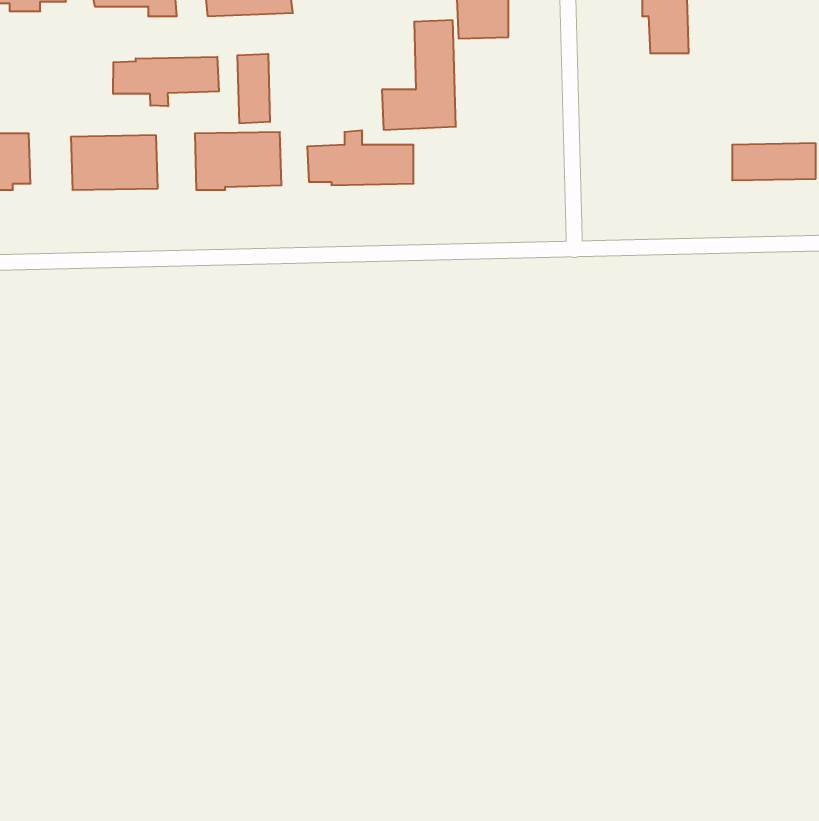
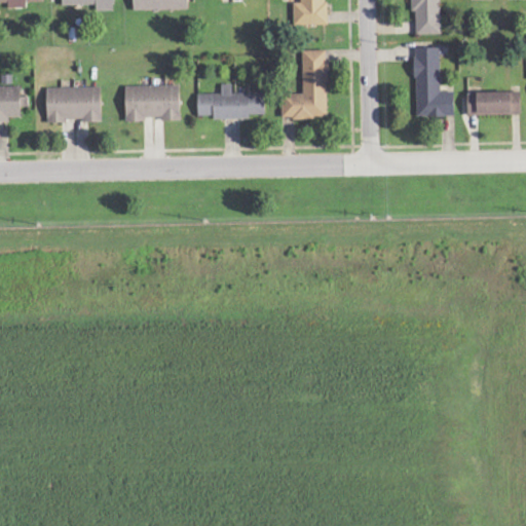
building: [382,20,456,130] -> [280,49,328,119]
building: [237,54,270,123] -> none
building: [113,57,219,106] -> none
building: none -> [414,47,454,117]

